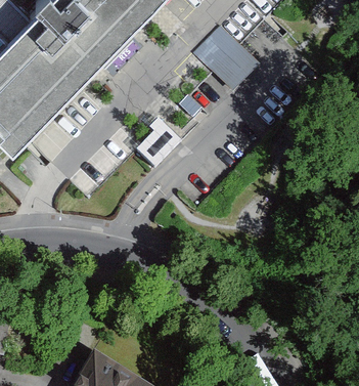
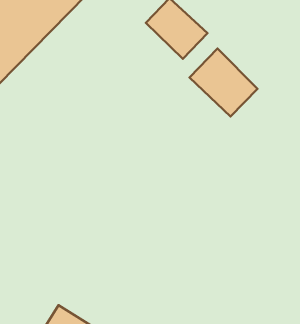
building: none -> [189,48,258,117]

